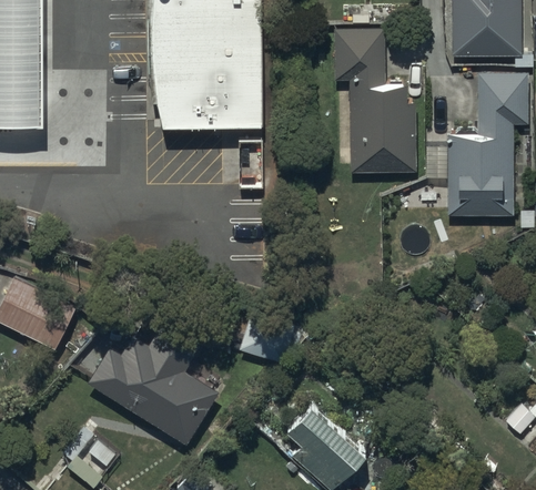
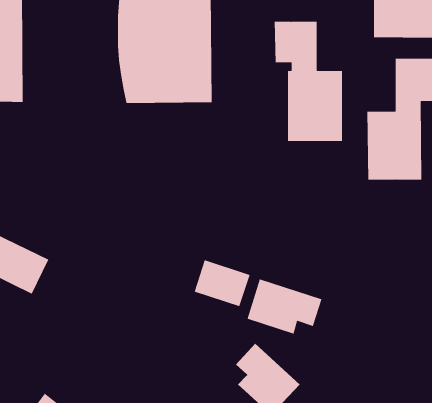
building: [87,323,221,443] -> none
building: none -> [247,278,322,335]

